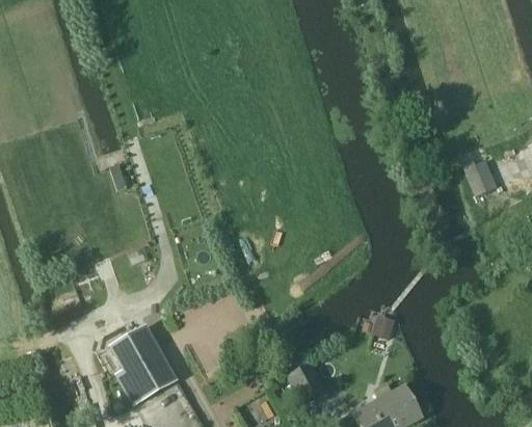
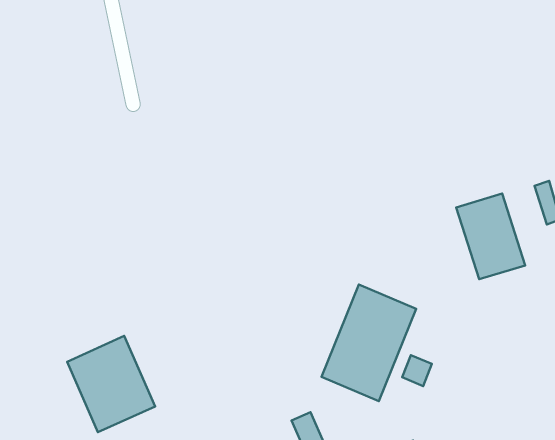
building: none -> [456,194,525,279]
building: none -> [322,285,416,401]

